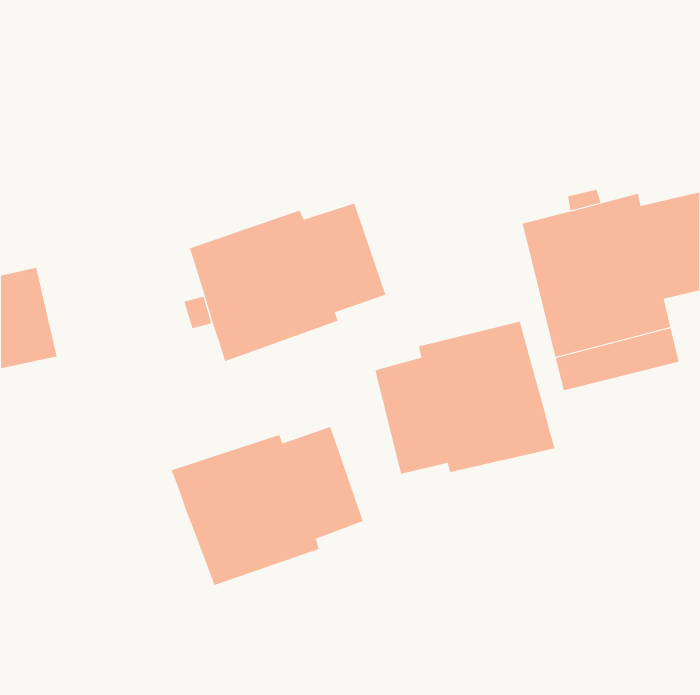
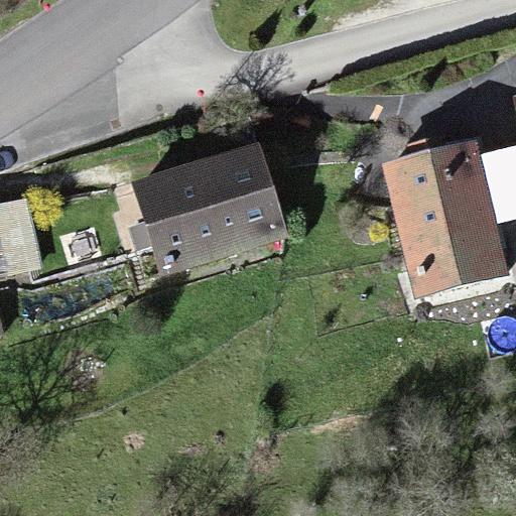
building: [375,321,555,475] -> none
building: [171,426,364,586] -> none

